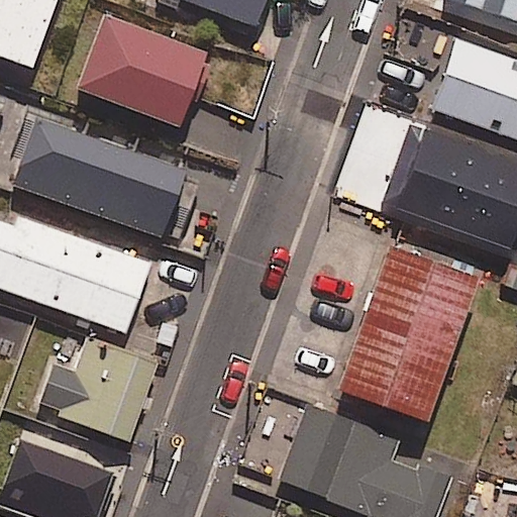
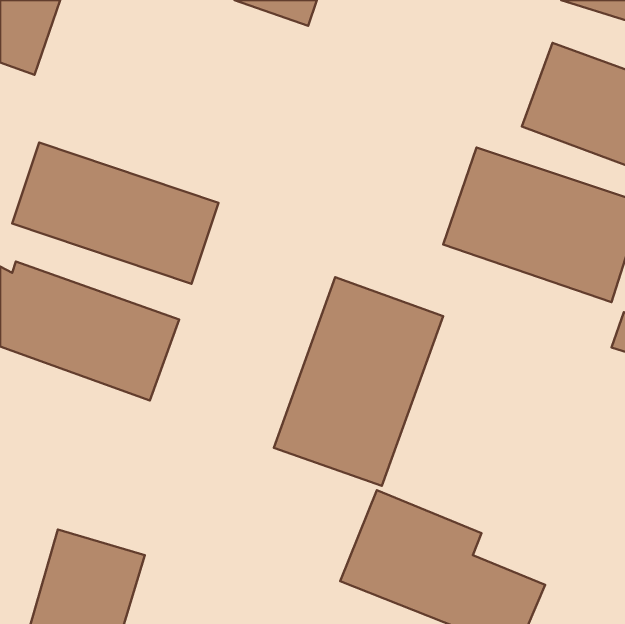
building: [77,13,204,125] -> none
building: [337,247,477,419] -> [274,277,443,486]
building: [39,331,165,440] -> none

